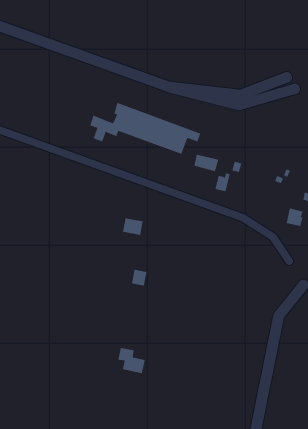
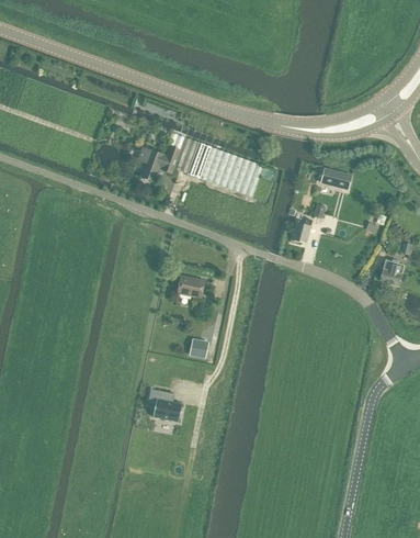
building: [193,154,219,172] -> [320,168,352,190]
building: [117,347,146,374] -> [147,389,182,422]

